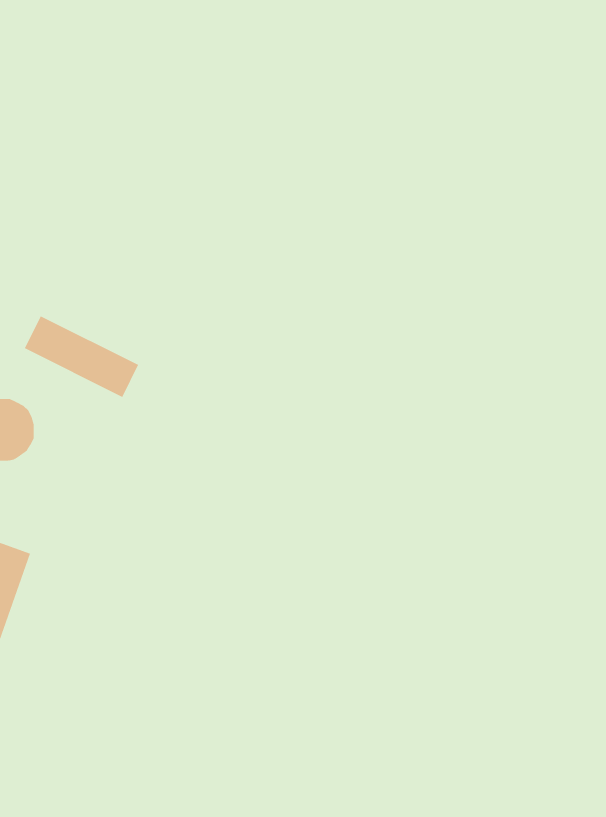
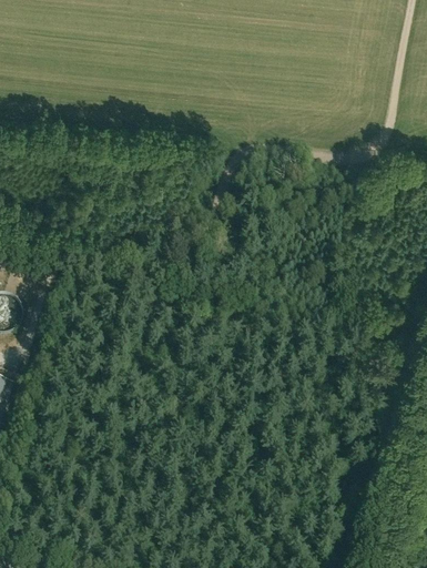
building: [24,315,139,398] -> none

